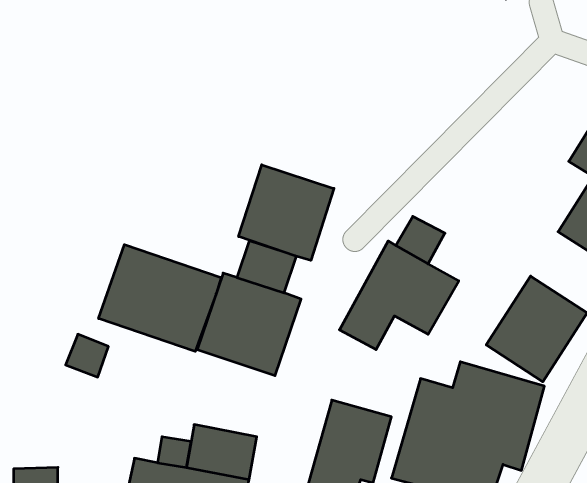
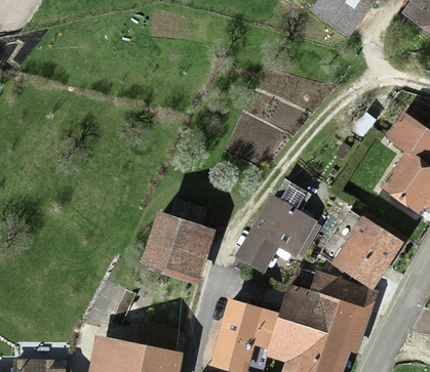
building: [239,165,334,260] -> none
building: [99,245,221,351] -> none

